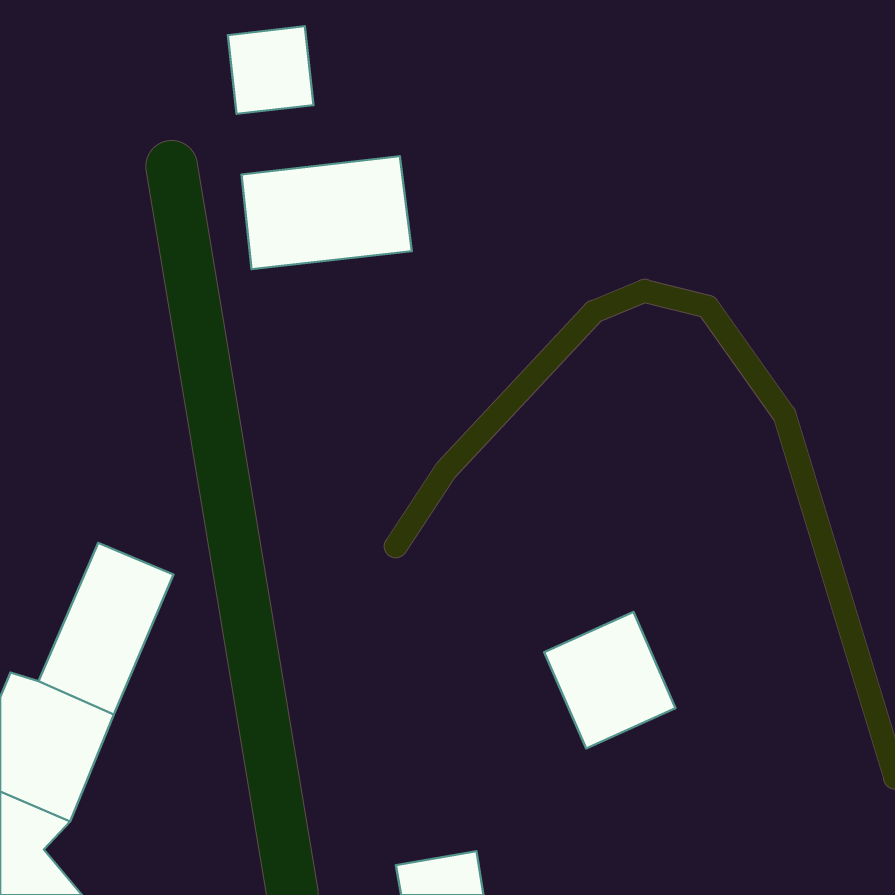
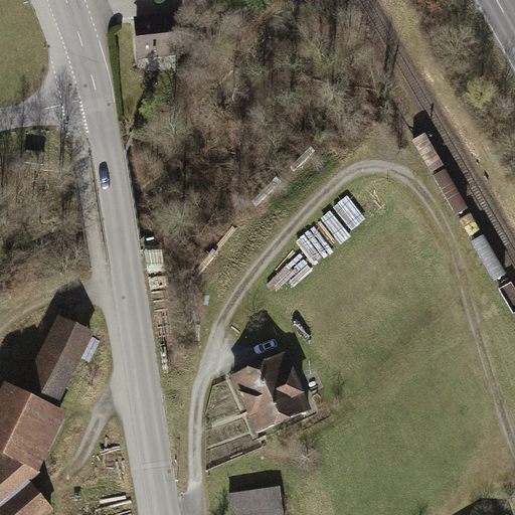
building: [241,156,412,269] -> none
building: [544,612,676,749] -> [229,353,305,432]

